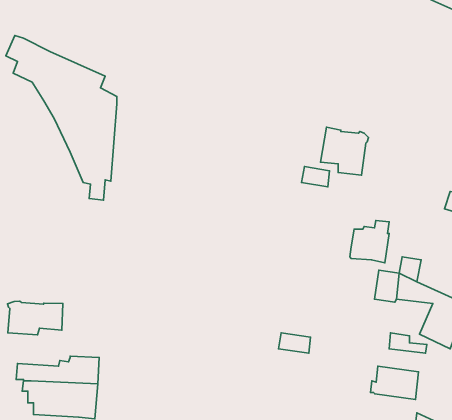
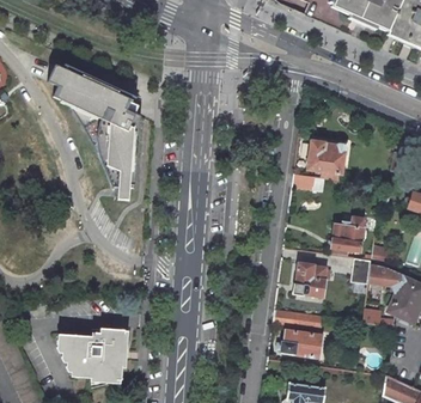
building: none -> [292,262,325,297]
building: [8,301,63,335] -> none
building: [370,366,419,400] -> [280,329,319,356]

